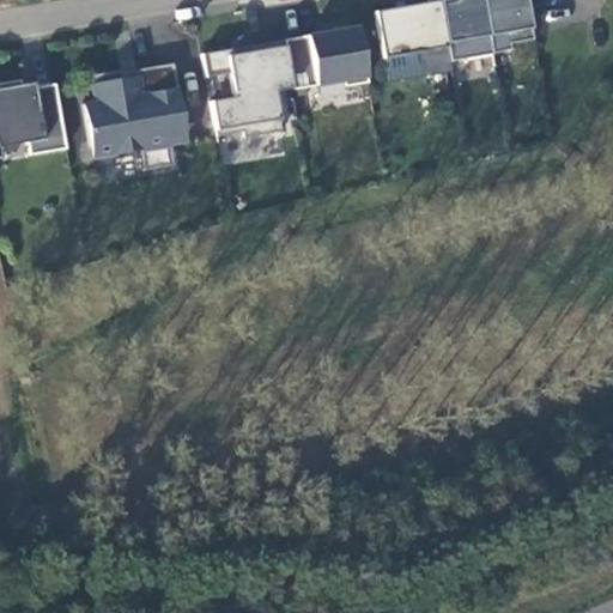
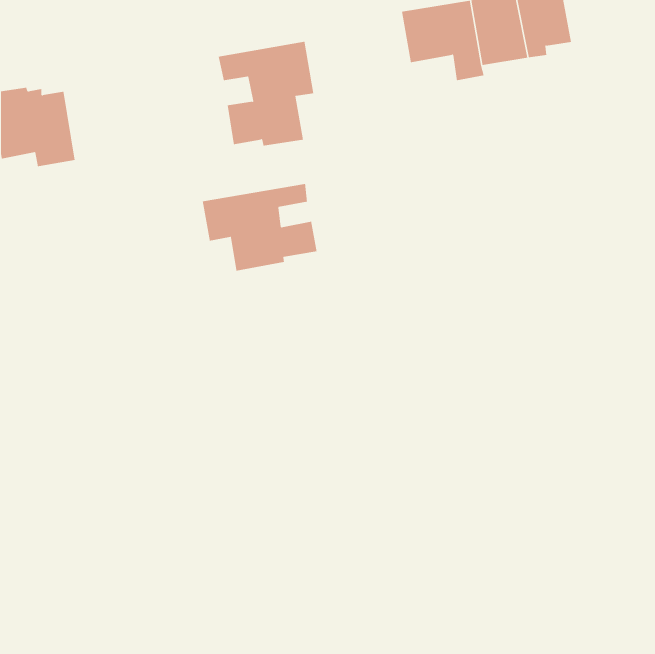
building: [285,26,369,89] -> none
building: [85,63,183,158] -> none
building: none -> [202,183,317,271]

